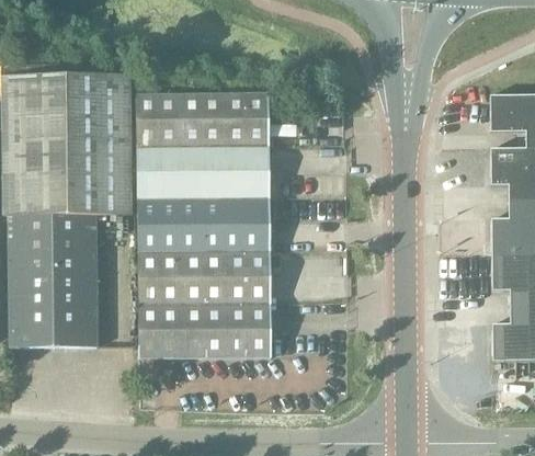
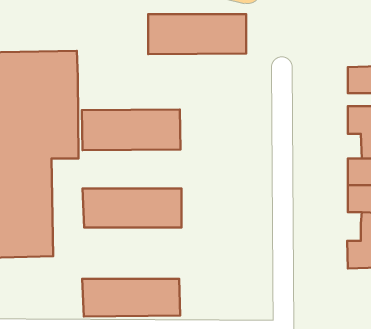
building: [136,96,267,150] -> [148,14,246,54]
building: [137,203,270,255] -> none
building: [139,308,271,358] -> [82,279,180,316]

